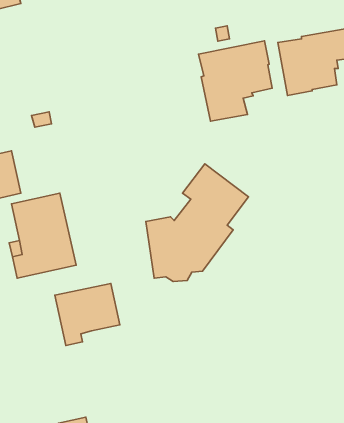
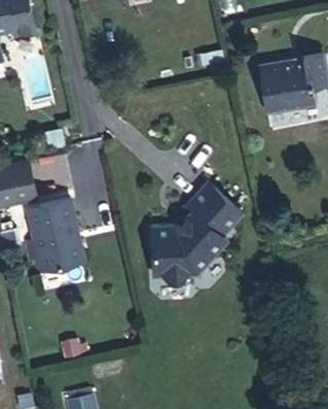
building: [198,41,272,121] -> none
building: [55,284,120,345] -> none

